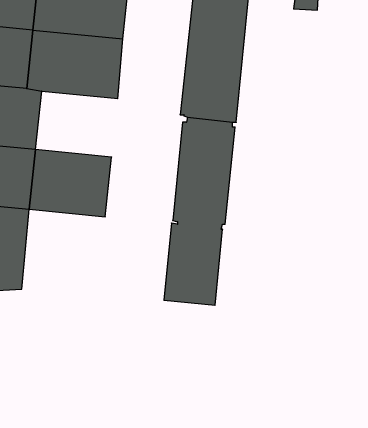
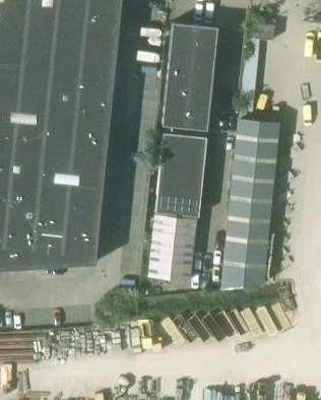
building: none -> [44,106,111,159]
building: none -> [220,119,279,287]
building: none -> [33,202,101,267]

